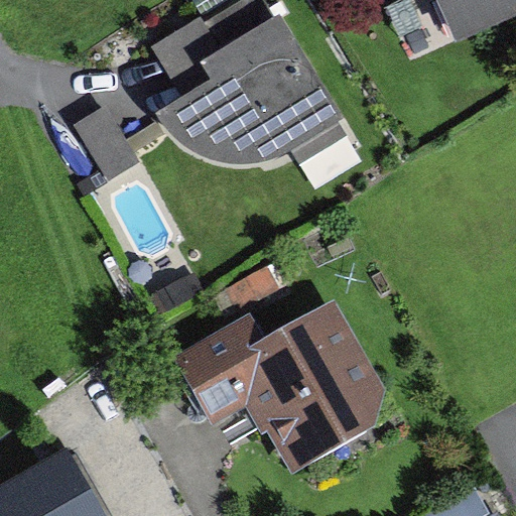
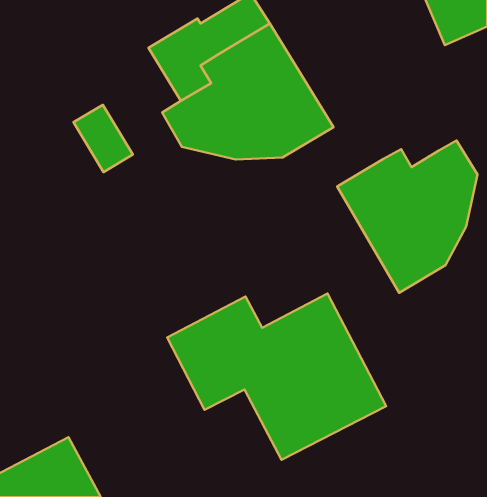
building: none -> [337,141,477,293]

